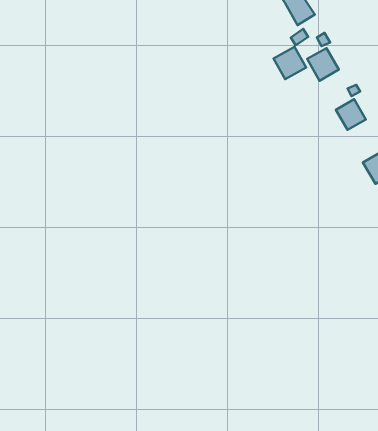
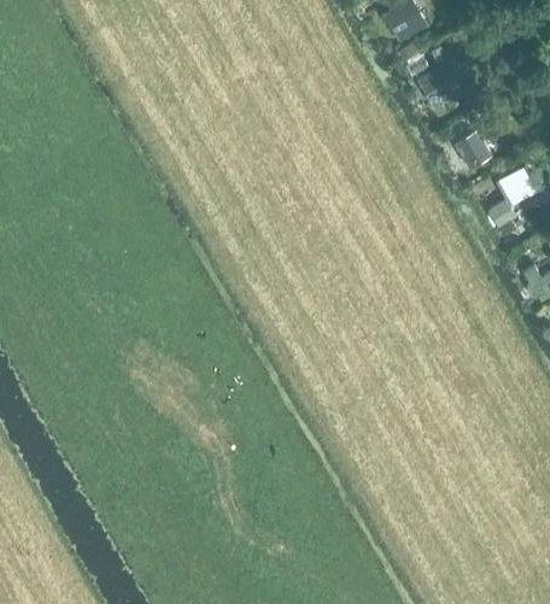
building: [273,47,306,79] -> none

